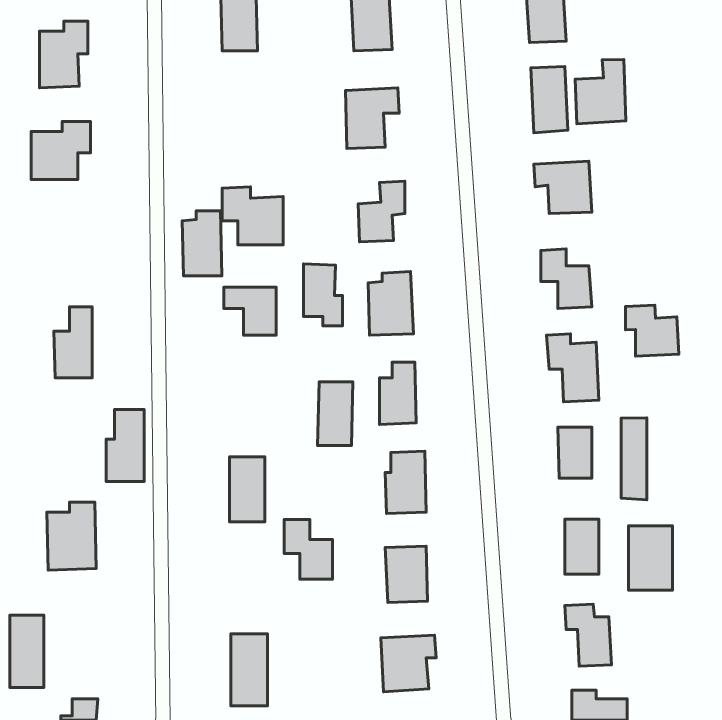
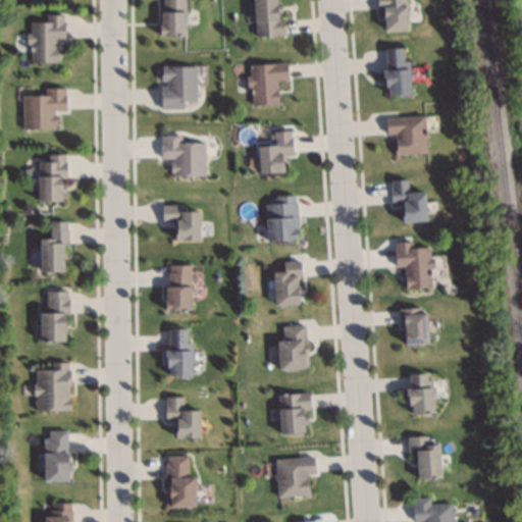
building: [575,59,626,124] -> none
building: none -> [161,67,196,110]
building: [182,211,222,276] -> [38,154,66,201]
building: [303,264,342,326] -> none
building: [625,305,679,356] -> none
building: [318,382,353,445] -> [166,265,192,311]
building: [106,409,144,481] -> [41,291,68,343]
building: [621,418,647,500] -> none
building: [284,520,332,579] -> [165,397,200,439]
building: [629,526,673,590] -> none
building: [10,615,44,687] -> [44,430,68,482]

